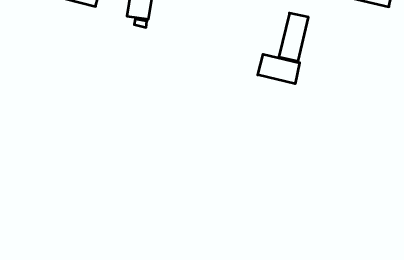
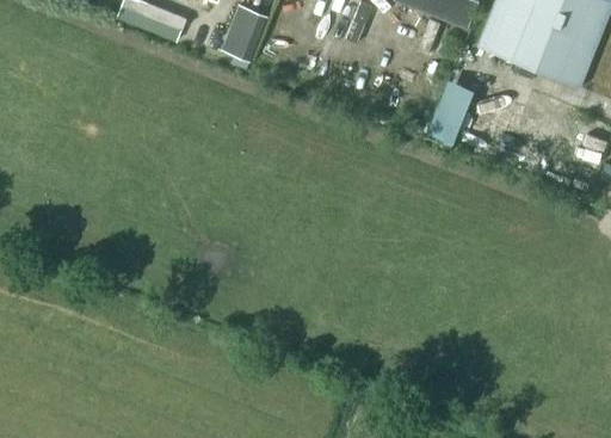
building: [258,54,300,84] -> none

